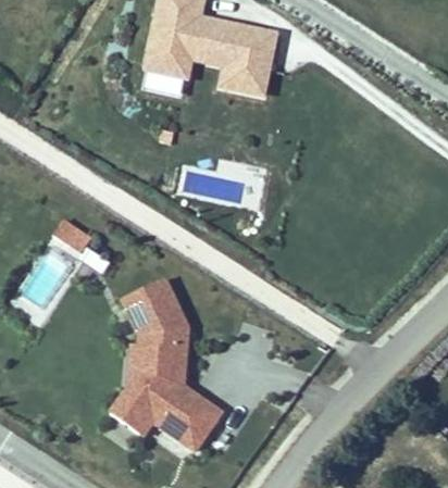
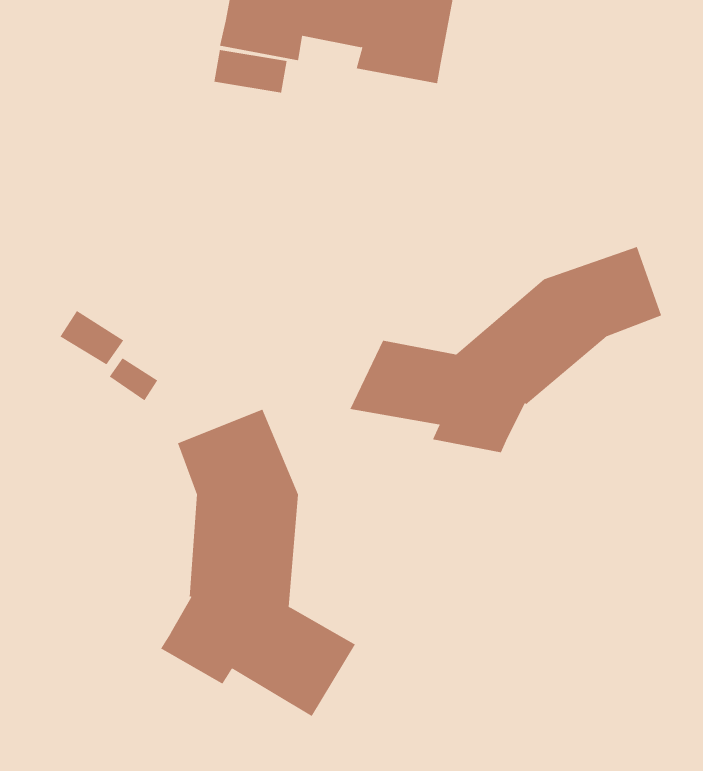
building: none -> [350,246,662,453]

